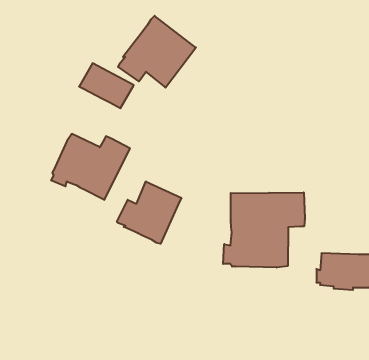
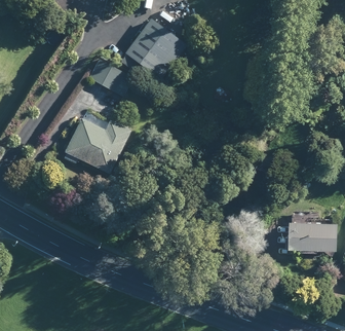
building: [117,181,181,244] -> none
building: [223,192,305,268] -> none

